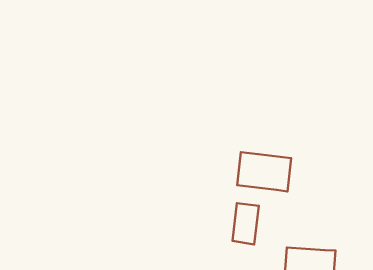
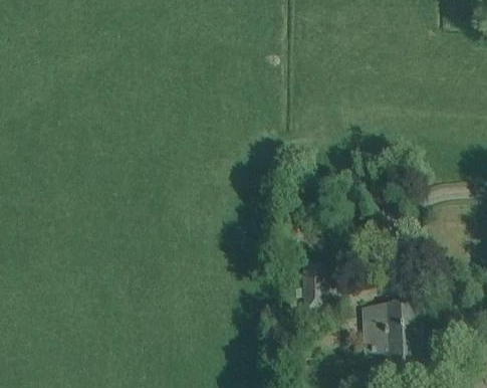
building: [237,152,291,191] -> none

